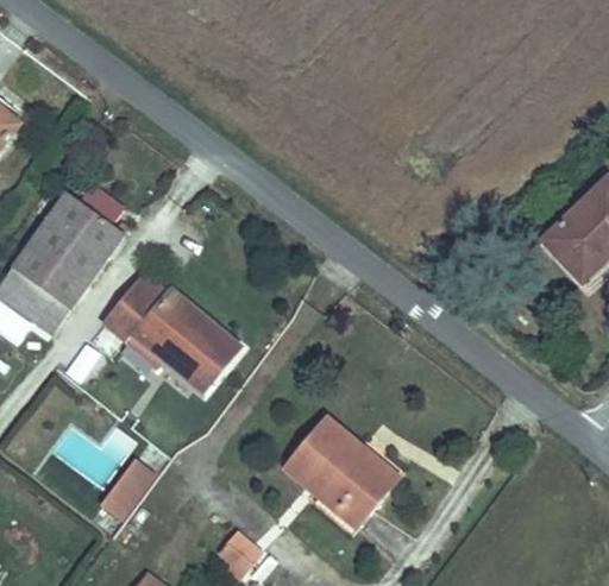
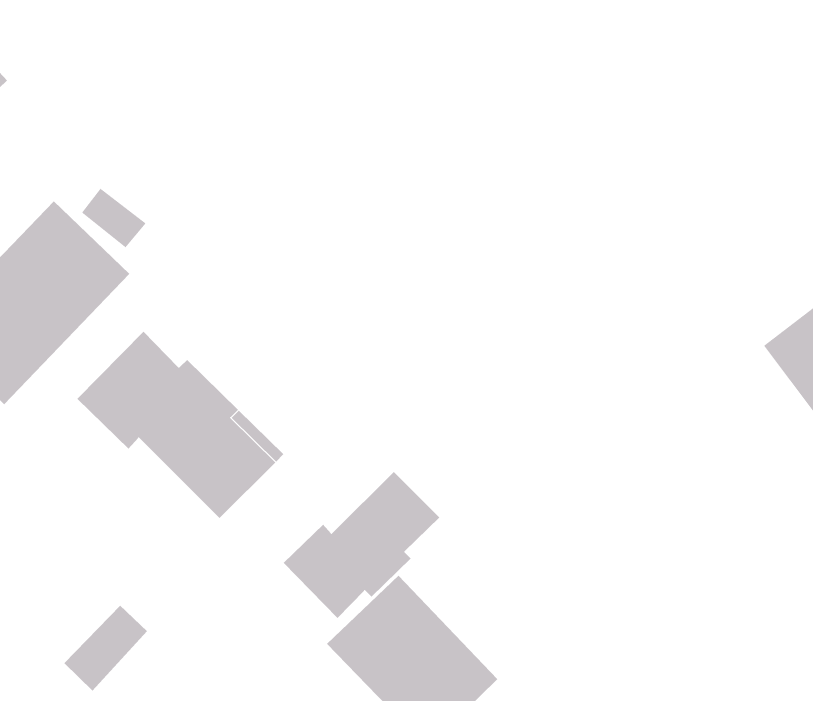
building: none -> [283,471,440,619]

